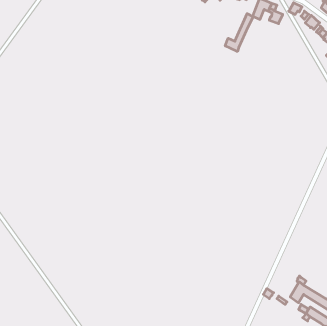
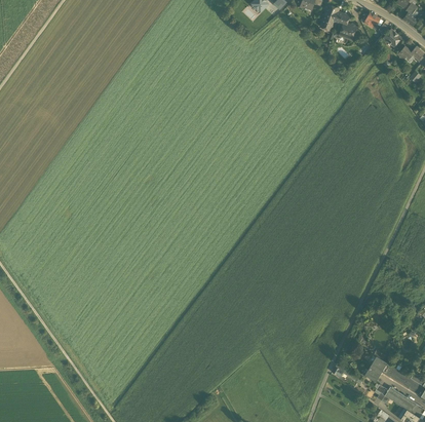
building: [225,14,253,51] -> none

